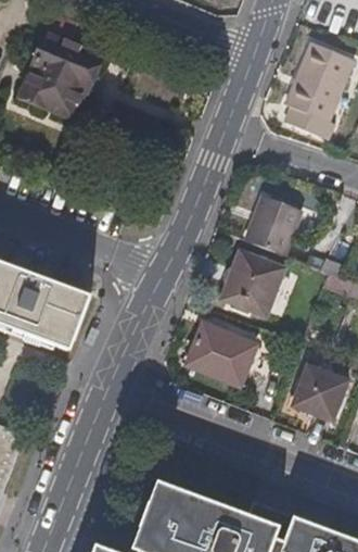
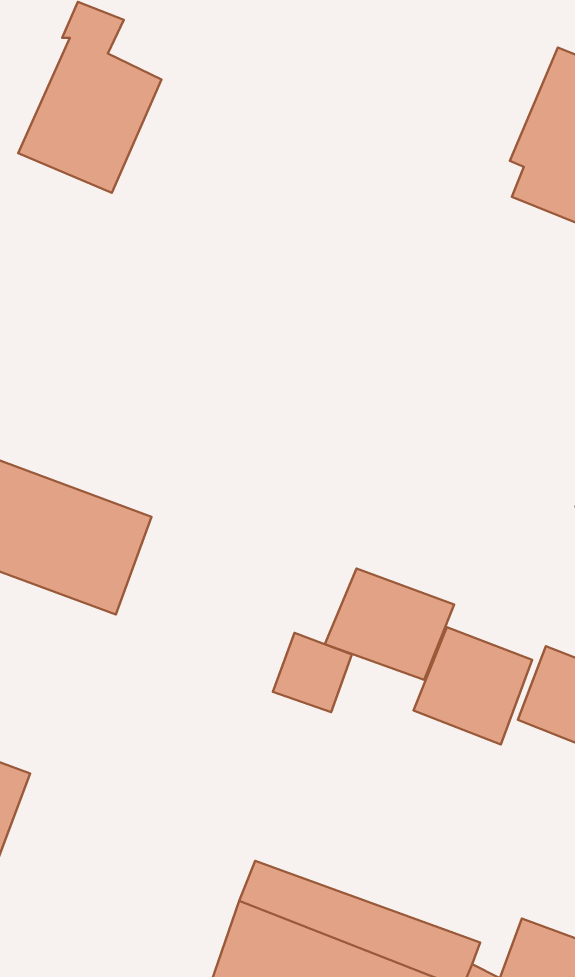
building: [243,199,297,255] -> none
building: [229,255,287,315] -> none
building: none -> [413,627,532,744]
building: none -> [273,633,352,712]

